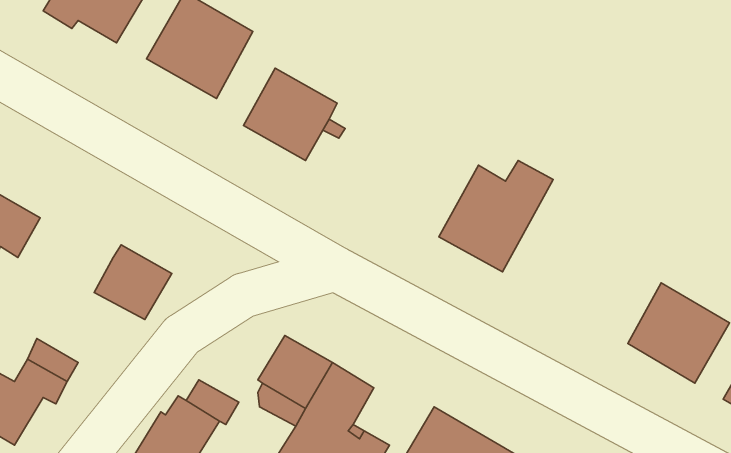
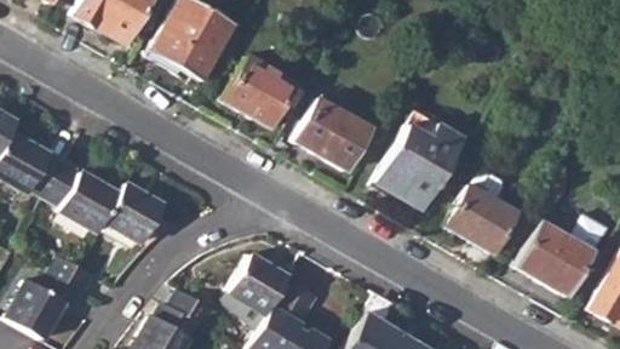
building: none -> [291,97,368,168]
building: none -> [50,168,122,236]
building: none -> [442,183,513,252]

